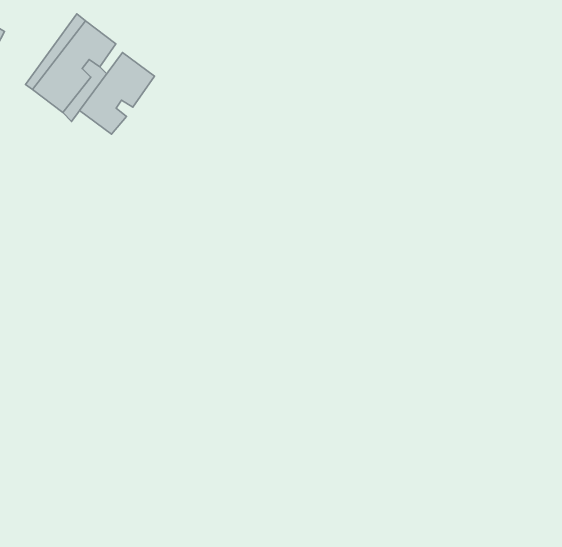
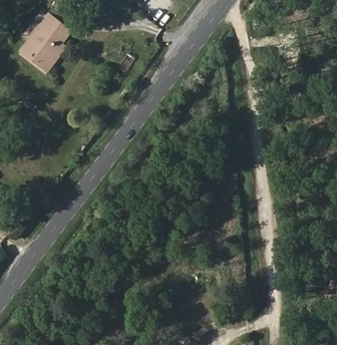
building: [80,53,155,134] -> none

